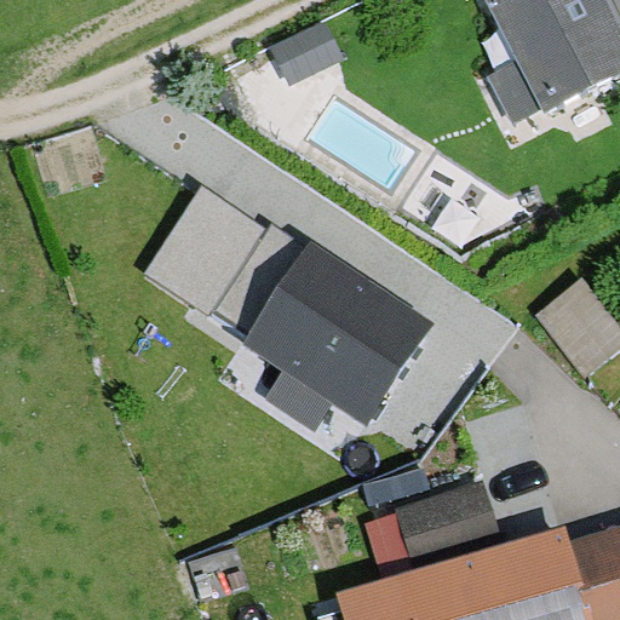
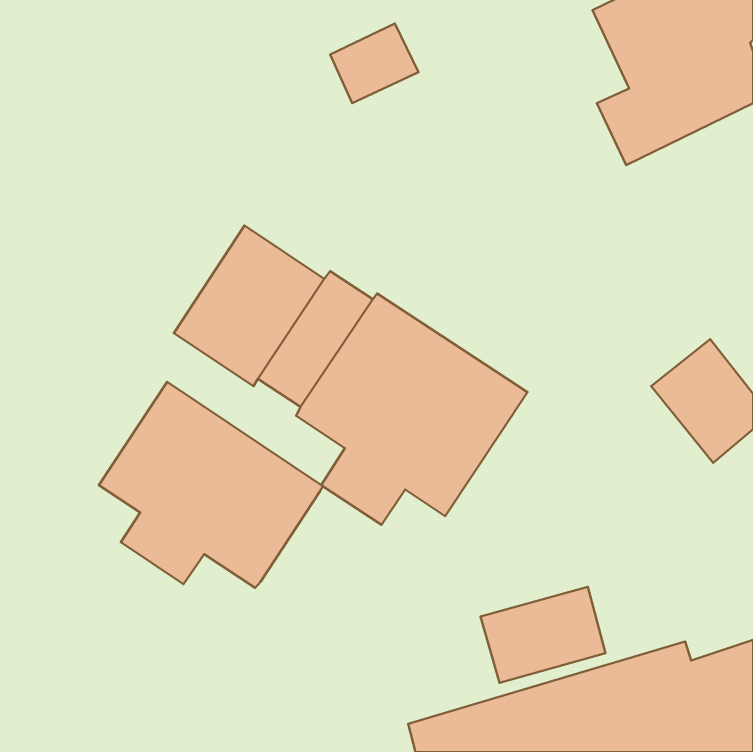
building: none -> [99,382,323,588]

